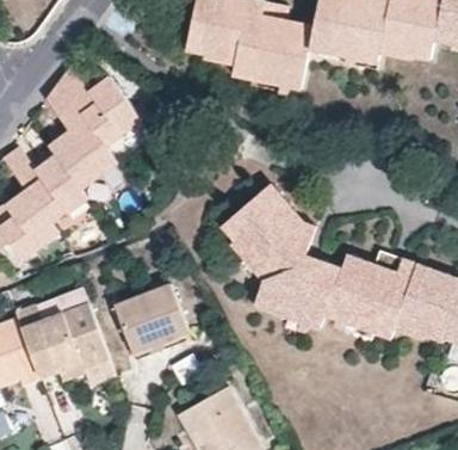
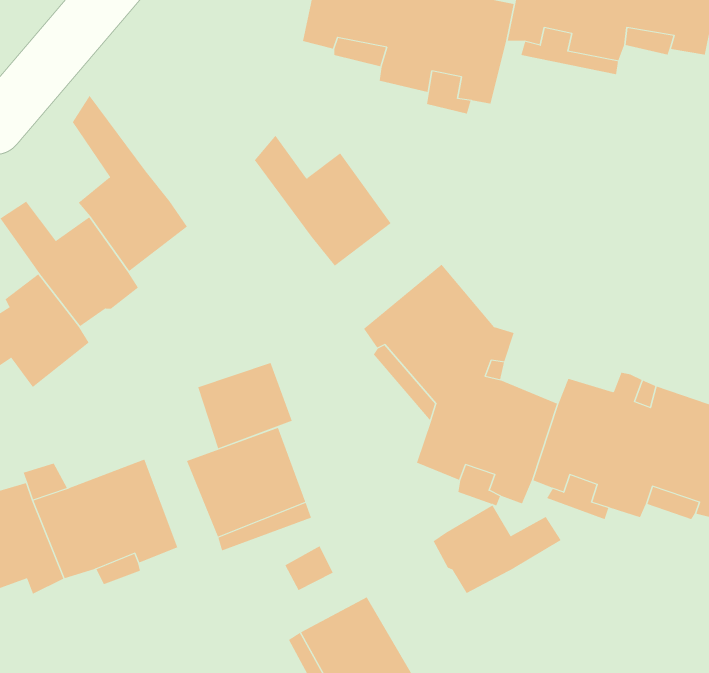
building: [56,66,140,146] -> [254,135,392,267]
building: none -> [197,362,293,449]
building: none -> [433,504,561,594]

